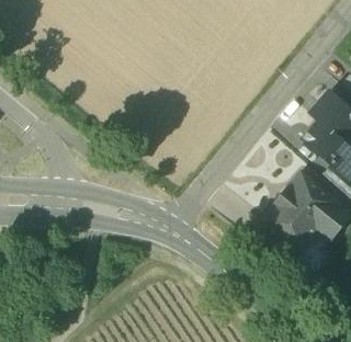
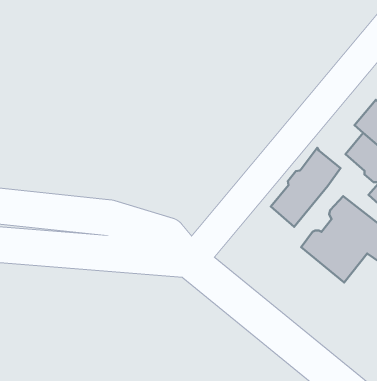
building: none -> [271,148,340,227]

